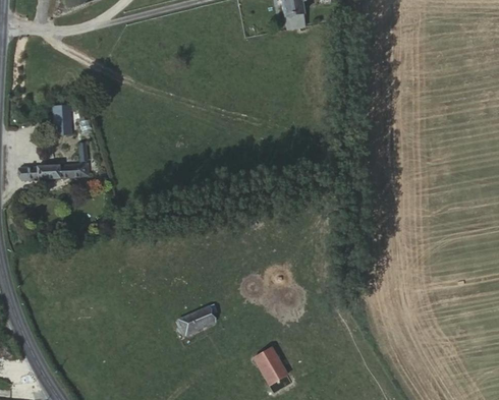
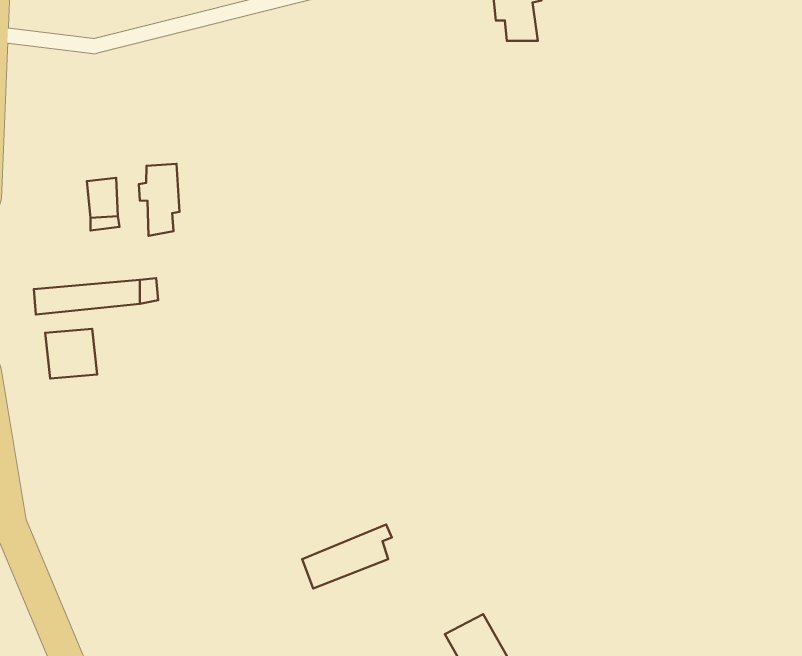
building: none -> [139,164,179,236]
building: none -> [45,329,97,378]

